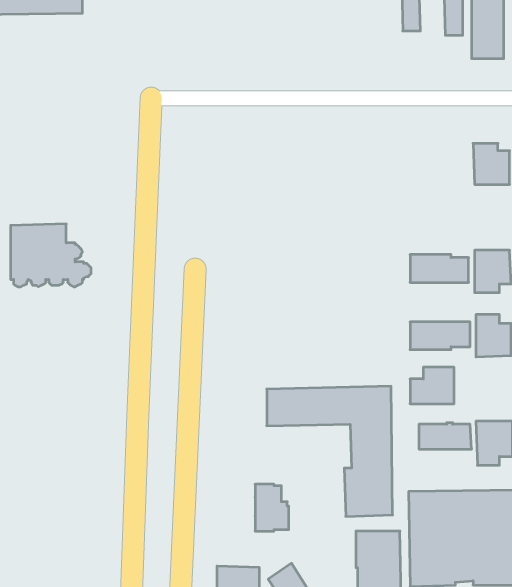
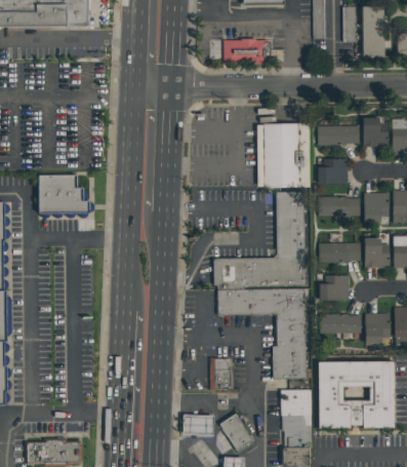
building: none -> [222,38,270,63]
building: none -> [256,122,309,187]
building: none -> [317,124,358,144]
building: none -> [317,157,348,183]
building: none -> [212,191,304,288]

